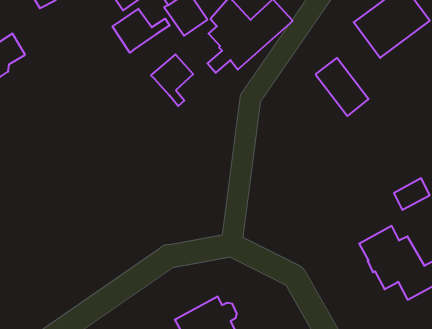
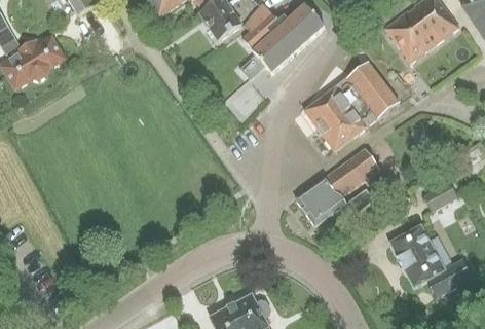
building: [113,9,170,53] -> none
building: [151,54,193,106] -> none
building: none -> [304,78,377,150]
building: none -> [296,148,379,224]

